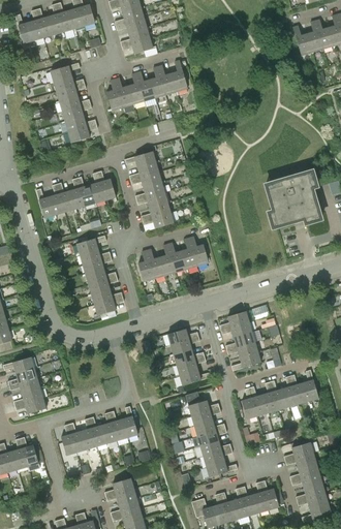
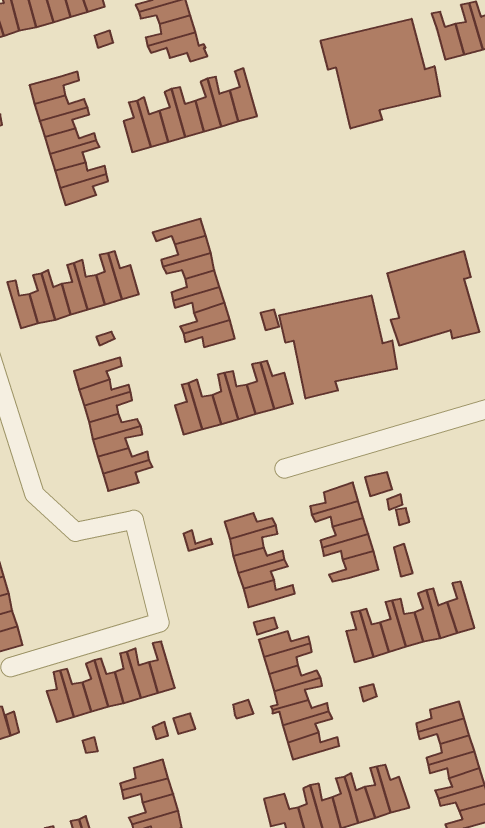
building: none -> [321,19,440,129]
building: none -> [279,295,397,399]

